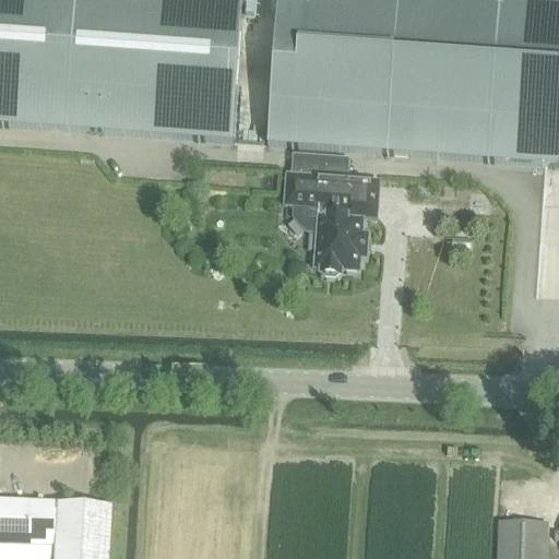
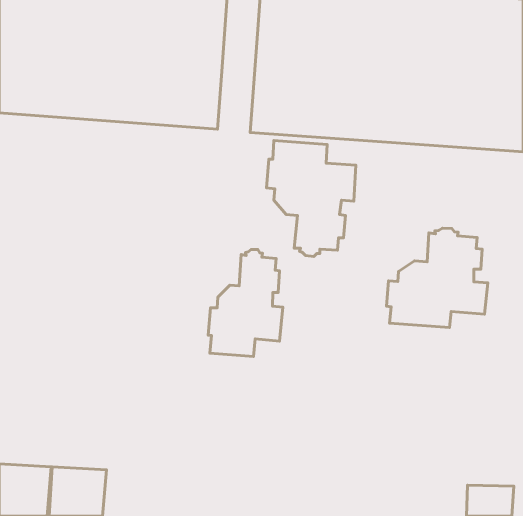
building: none -> [386,228,488,328]
building: none -> [208,249,283,356]

